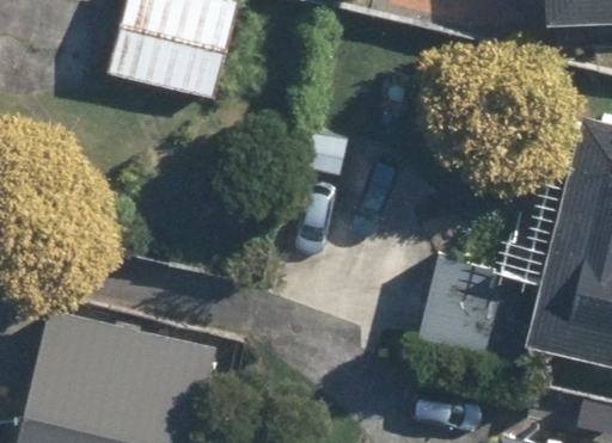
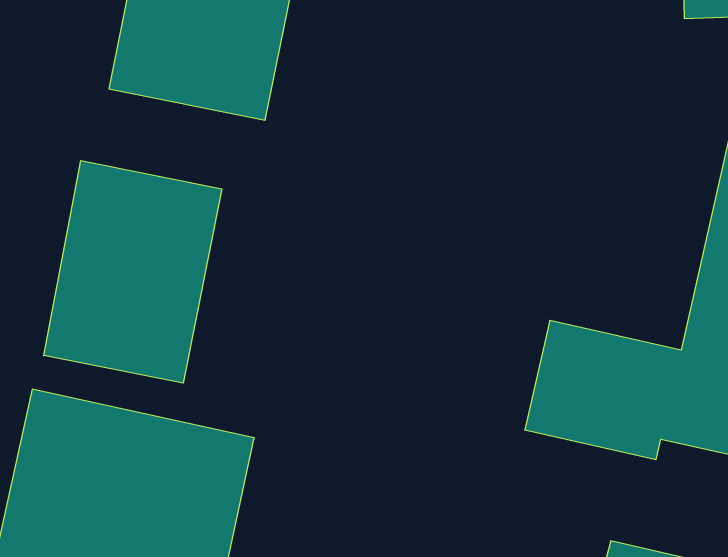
building: none -> [44,161,222,383]

